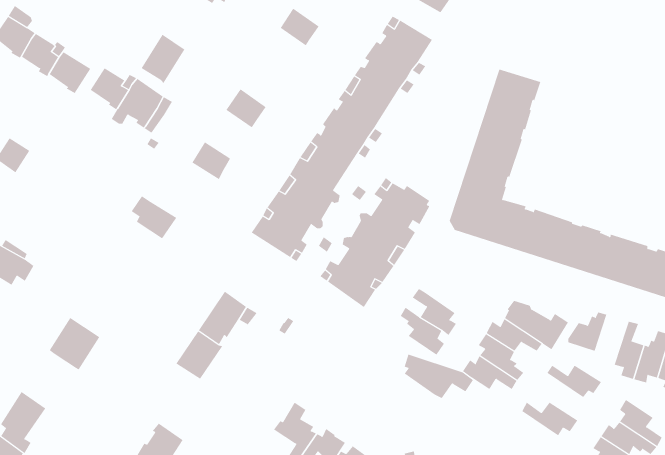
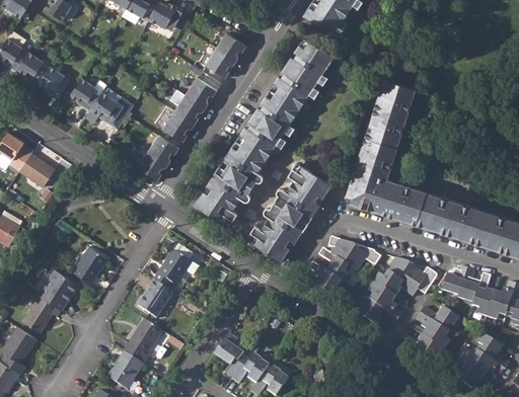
building: none -> [205,48,236,78]
building: [141,34,185,84] -> none
building: none -> [186,77,217,108]
building: none -> [162,110,195,142]
building: none -> [20,154,56,187]
building: [131,195,177,239] -> [134,147,169,180]
building: none -> [74,247,108,285]
building: none -> [457,267,481,306]
building: [404,354,474,399] -> [327,235,381,269]
building: none -> [22,298,60,332]
building: none -> [416,312,450,348]
building: none -> [123,319,160,364]

